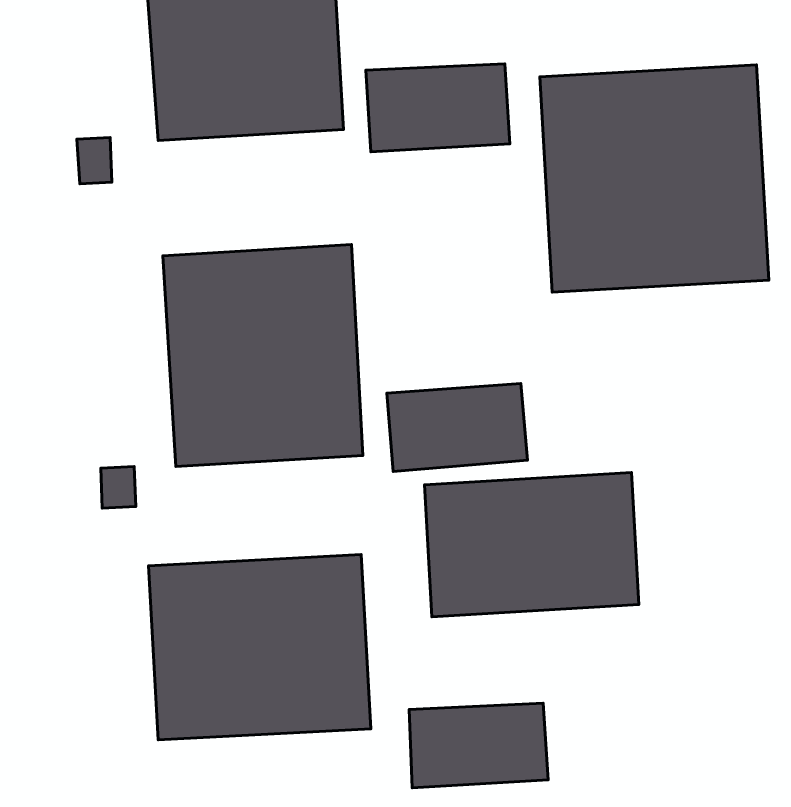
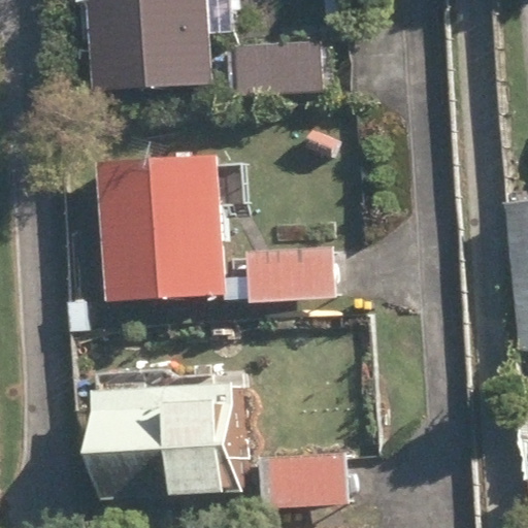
building: [540,65,769,292] -> none
building: [424,473,639,617] -> none

